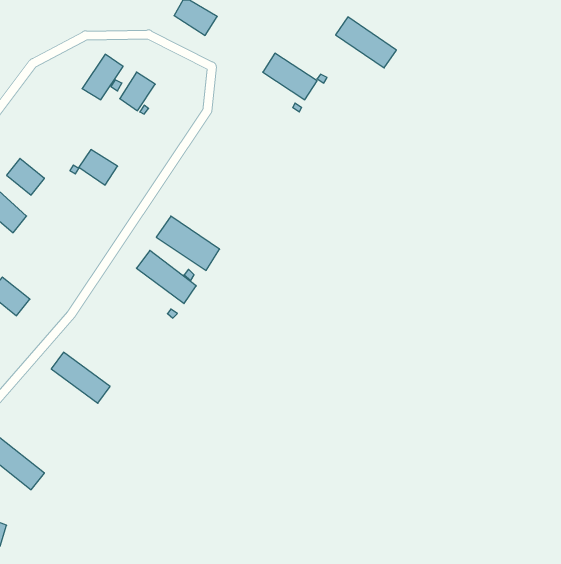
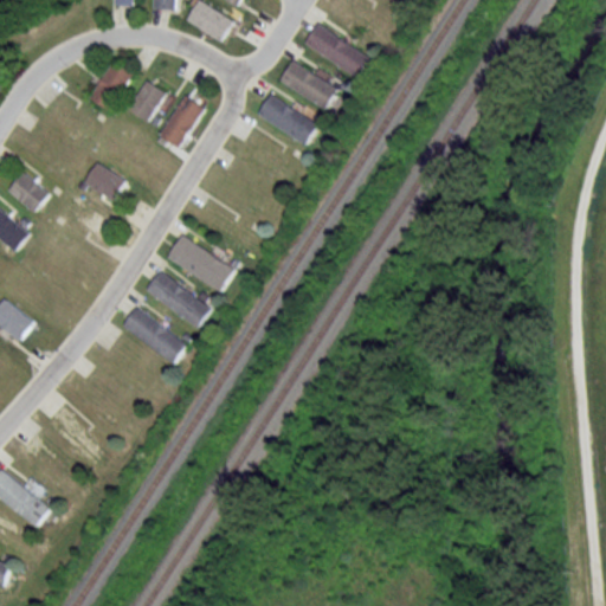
building: [336,17,396,68] -> [305,22,370,77]
building: none -> [258,94,318,143]
building: none -> [159,95,205,147]
building: [51,352,110,403] -> [122,308,185,362]

